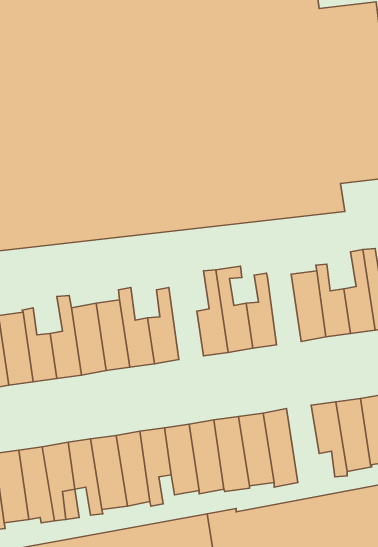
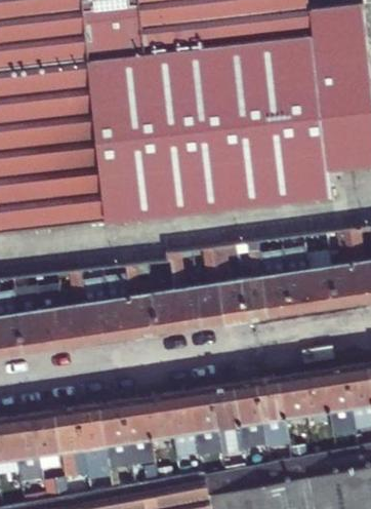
building: none -> [168,253,202,331]
building: none -> [260,253,291,318]
building: none -> [278,374,311,444]

